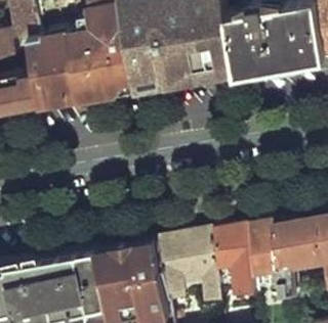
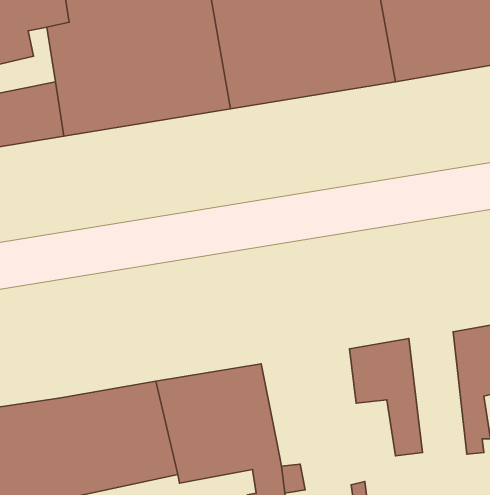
building: [248,222,283,296] -> none
building: [159,232,220,304] -> none

